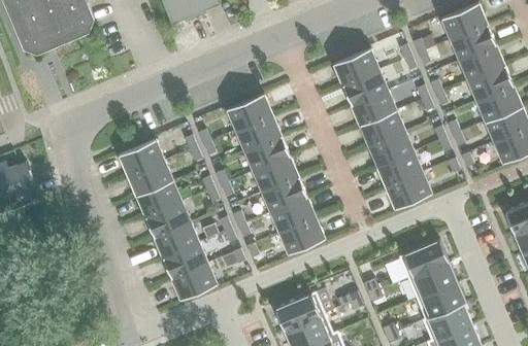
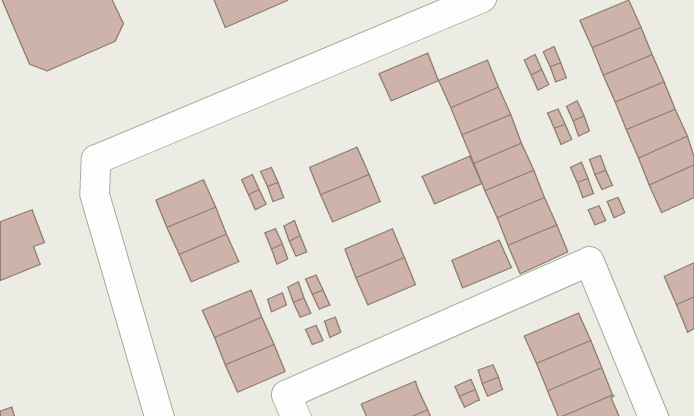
building: [226,93,271,129] -> [379,53,439,101]
building: [253,154,298,191] -> [422,156,482,204]
building: [145,200,191,237] -> none
building: [279,217,325,253] -> [452,240,512,288]

